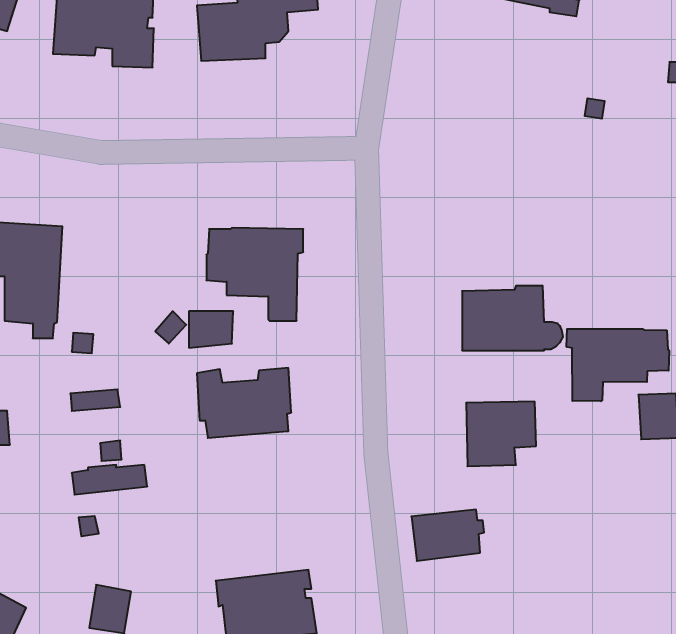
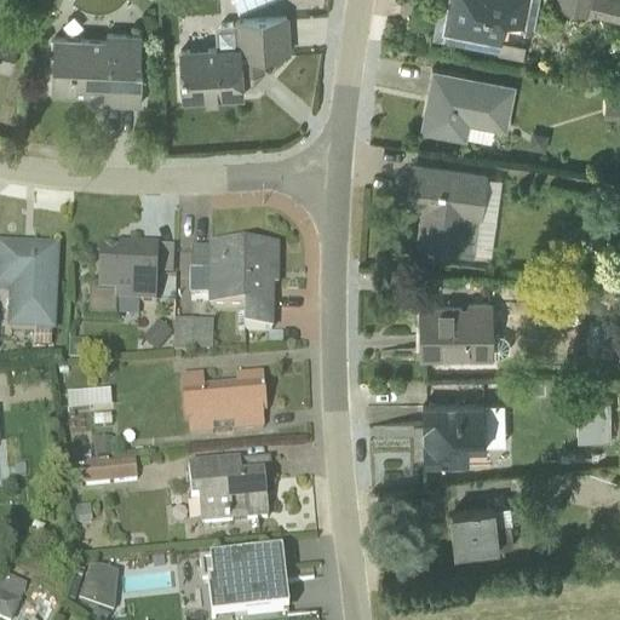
building: none -> [421,65,517,138]
building: none -> [407,160,503,252]
building: none -> [90,242,174,316]
building: [567,329,669,401] -> none
building: none -> [189,458,274,523]
building: [411,510,484,561] -> [453,503,518,549]

